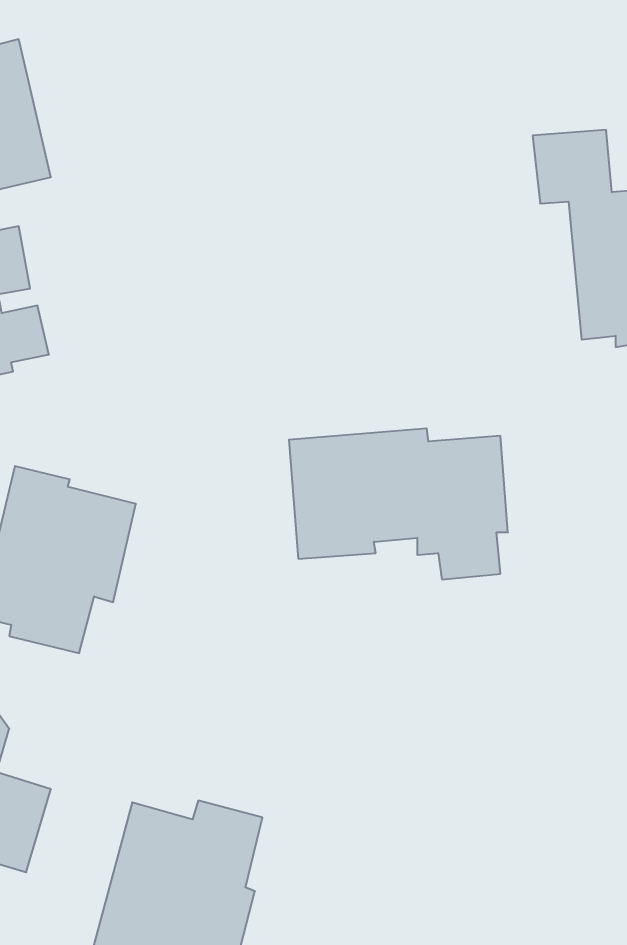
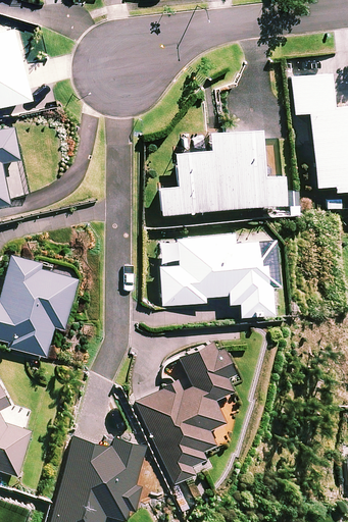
building: none -> [160,129,283,215]
building: none -> [136,338,236,484]

